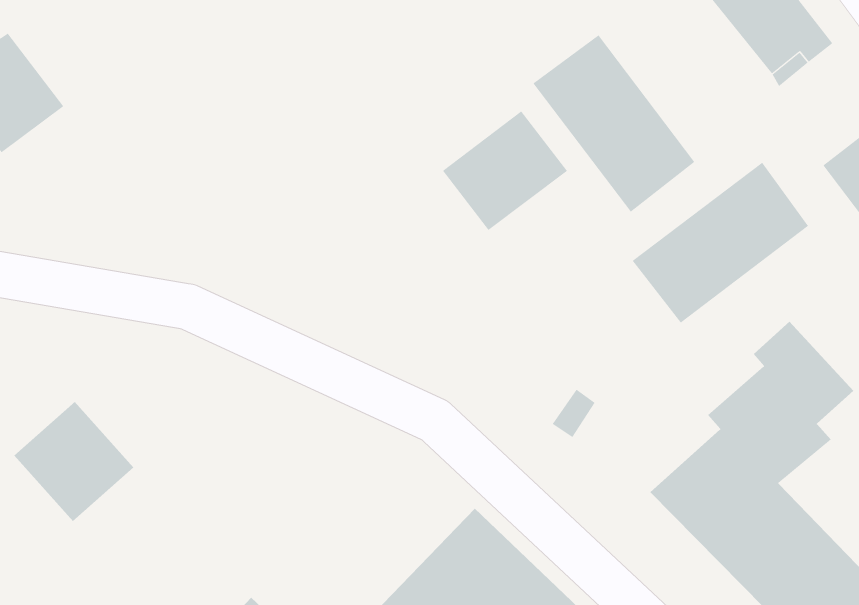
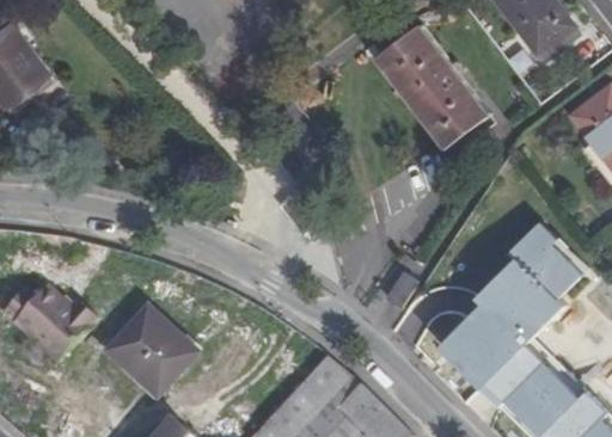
building: [442,110,568,231] -> none
building: [632,162,809,323] -> none
building: none -> [104,300,206,401]

